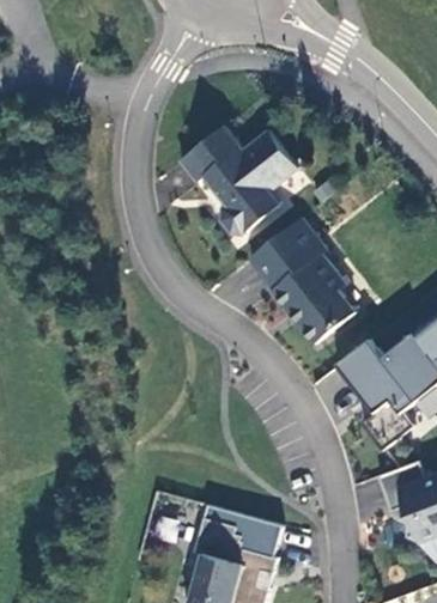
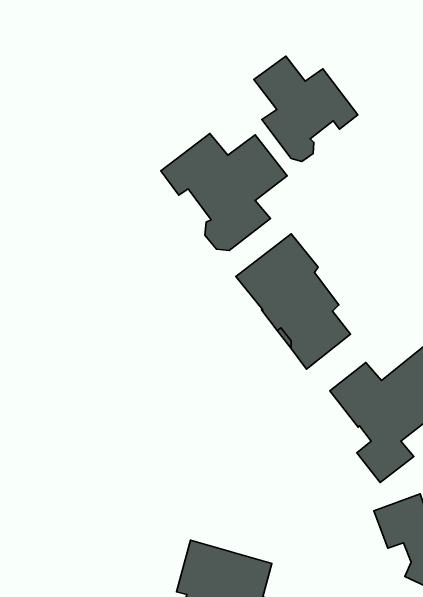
building: none -> [254,56,358,162]

